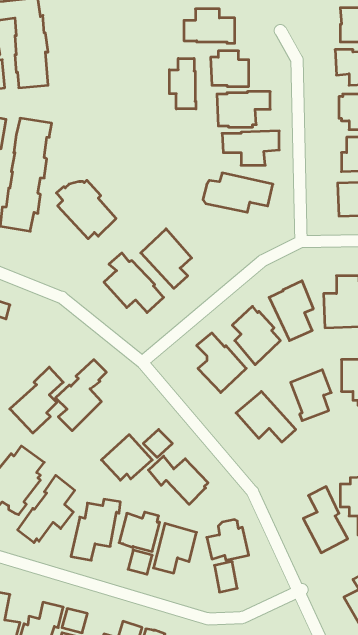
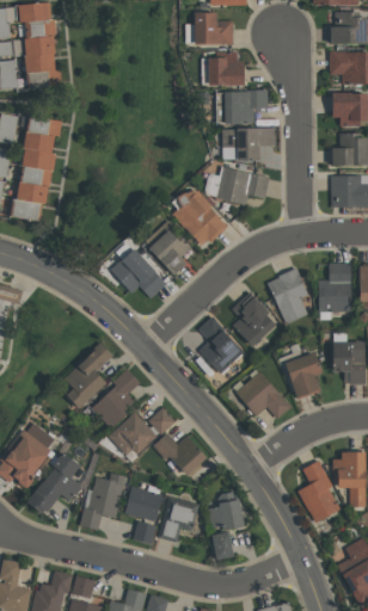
building: [169,58,196,109] -> none
building: [56,180,116,239] -> [171,191,227,246]
building: [10,367,63,433] -> [90,369,140,431]

